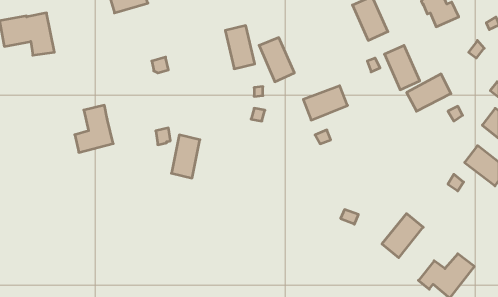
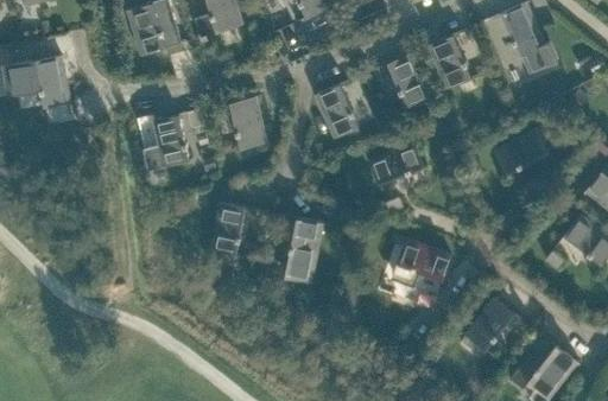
building: [225,26,255,69] -> [229,97,265,149]
building: [384,45,420,90] -> [387,53,430,107]
building: [75,105,113,152] -> [142,115,189,172]
building: none -> [284,218,322,282]
building: none -> [393,241,451,282]

